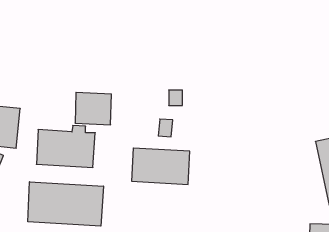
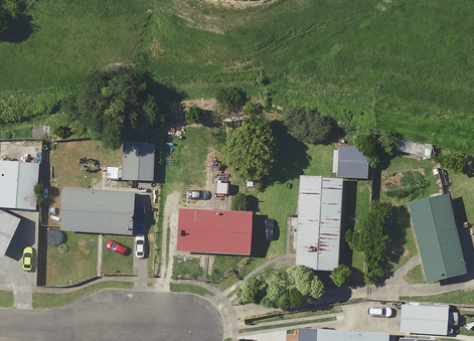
building: none -> [294,148,368,271]
building: [28,182,103,226] -> none

